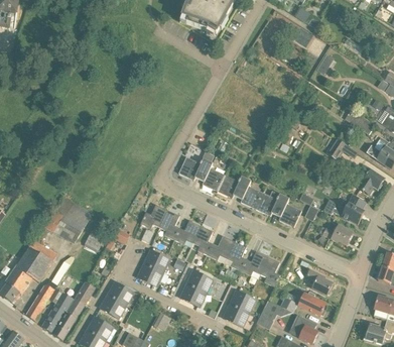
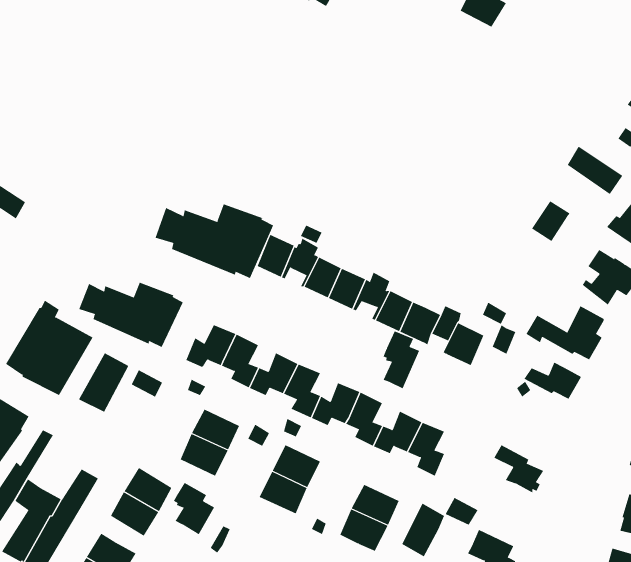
building: none -> [155,204,274,279]
building: none -> [79,282,184,348]
building: none -> [383,331,420,389]
building: none -> [173,482,215,535]
building: [297,293,325,316] -> none

